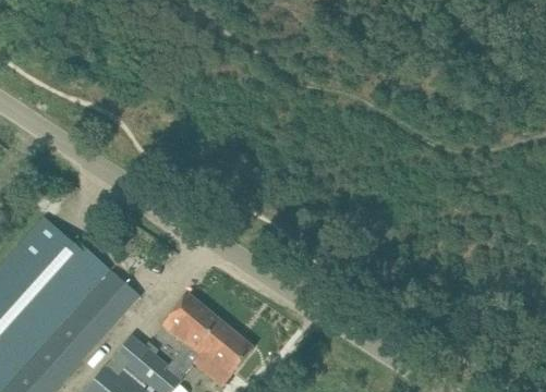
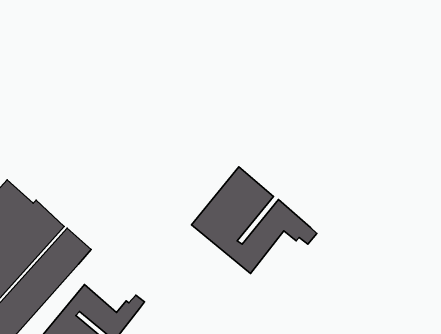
building: none -> [191,167,317,273]
building: [161,294,253,385] -> none

